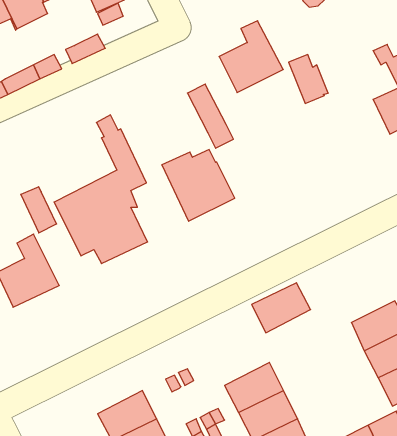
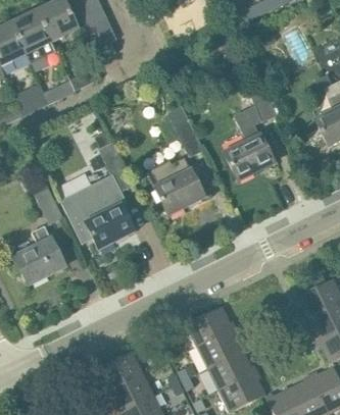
building: [219,21,283,93] -> [223,122,274,179]
building: [252,283,311,333] -> [185,305,232,345]

